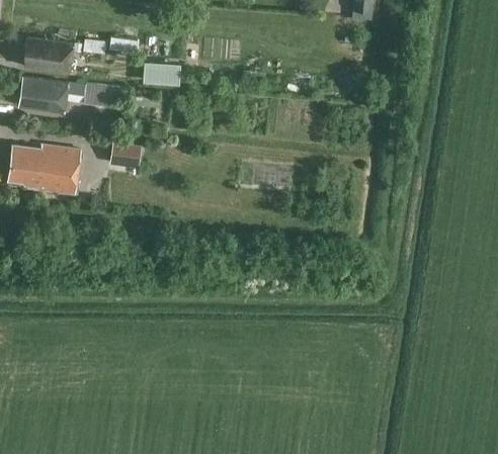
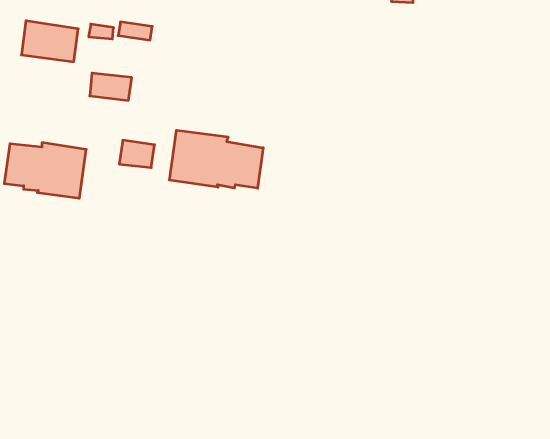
building: [143,62,180,85] -> none
building: [18,77,69,112] -> none
building: none -> [169,130,263,188]

